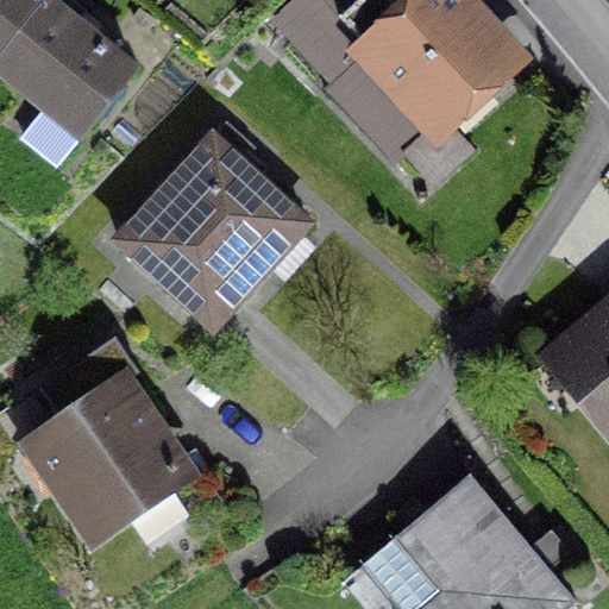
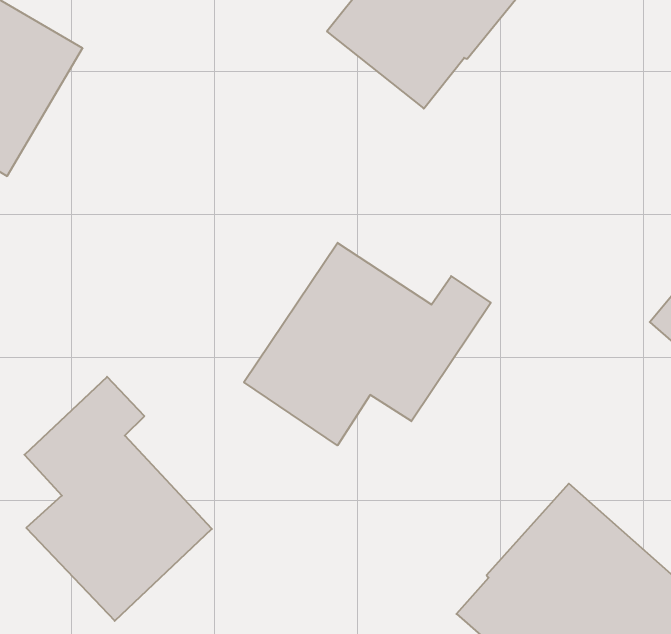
building: [119,124,297,327] -> none
building: none -> [244,243,491,445]

